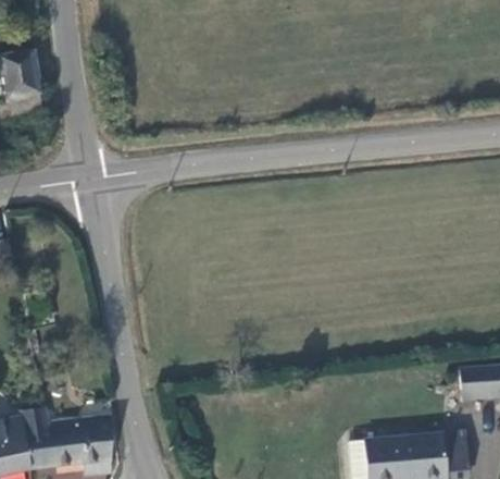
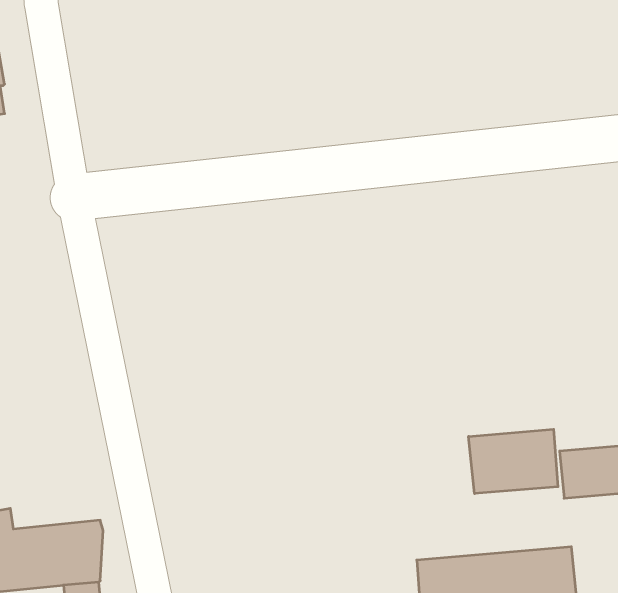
building: none -> [469,429,558,494]

